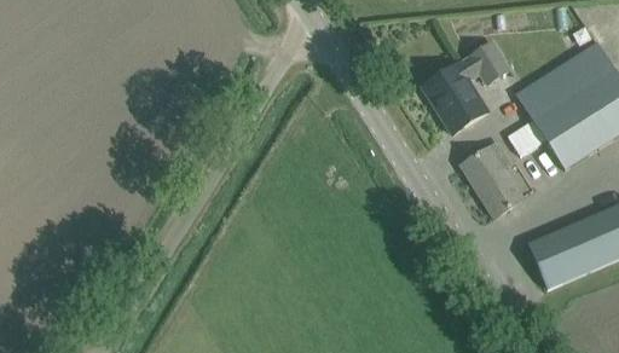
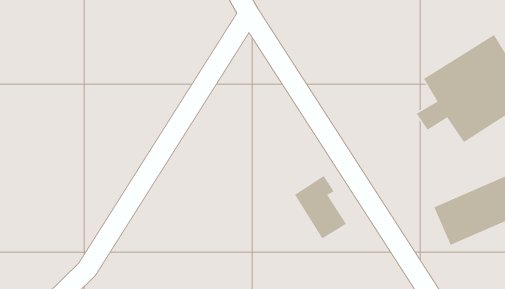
building: [423,40,513,133] -> none
building: [462,141,523,216] -> [294,175,347,239]

